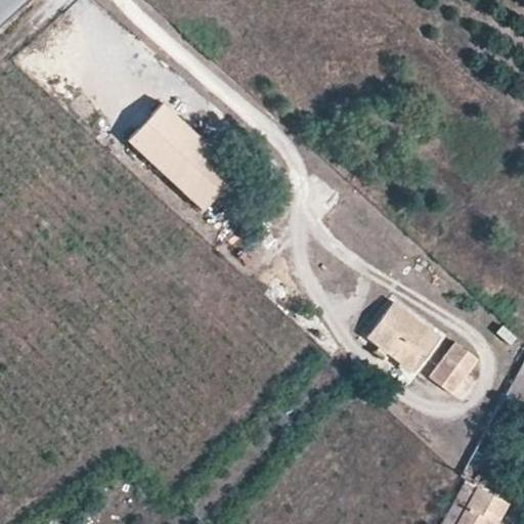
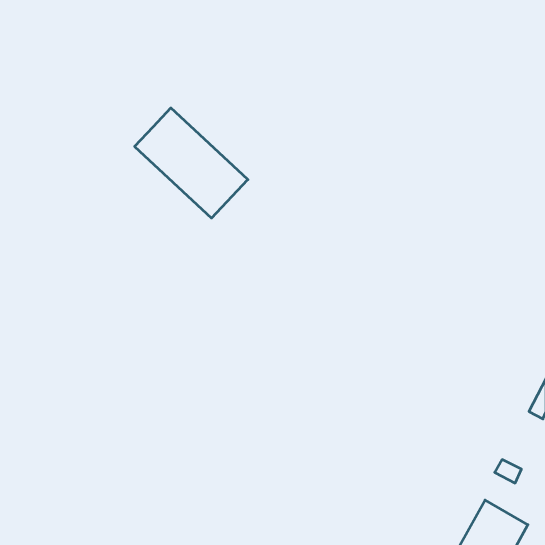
building: [367,302,440,374] -> none
building: [431,343,478,394] -> none

